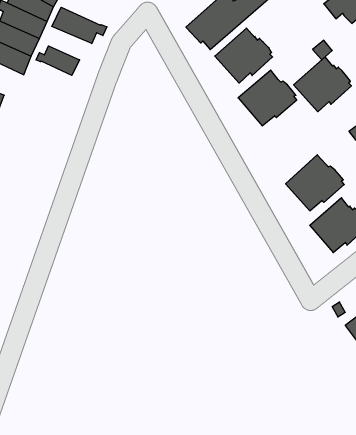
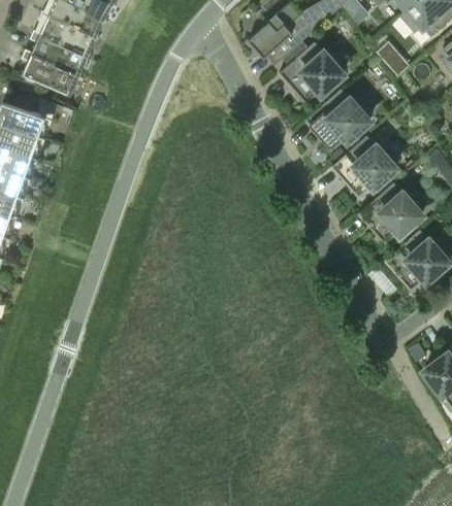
building: [52,7,107,44] -> none
building: [36,46,80,75] -> none
building: [294,57,351,112] -> [332,136,396,197]

